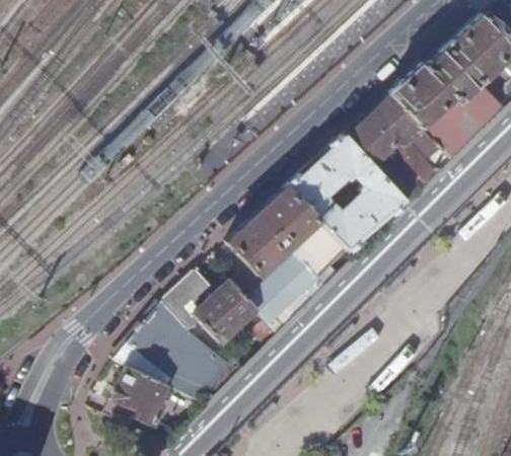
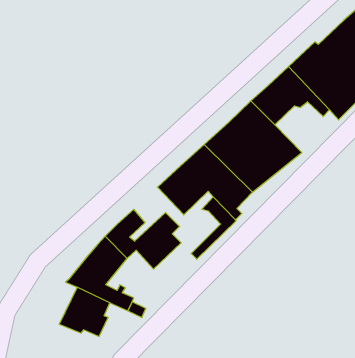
building: [370,138,449,204] -> none
building: [243,271,303,325] -> none

